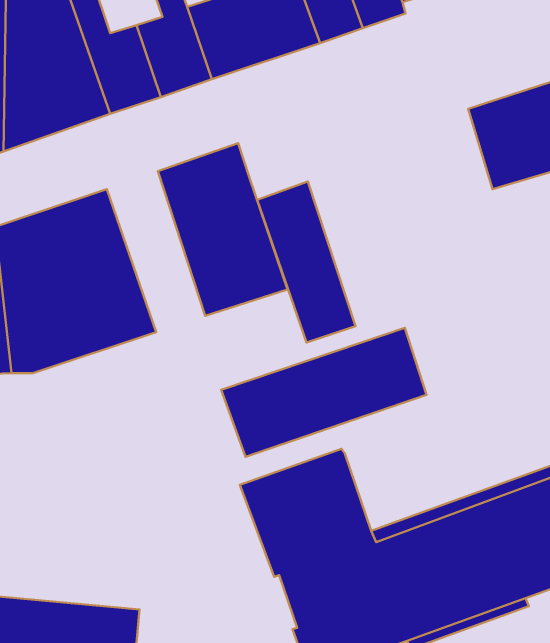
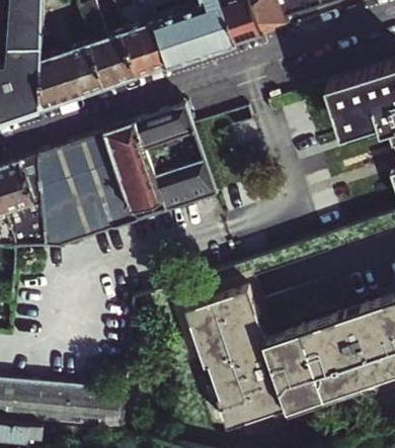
building: [257,182,356,343] -> [102,121,163,220]
building: [221,328,427,457] -> none

